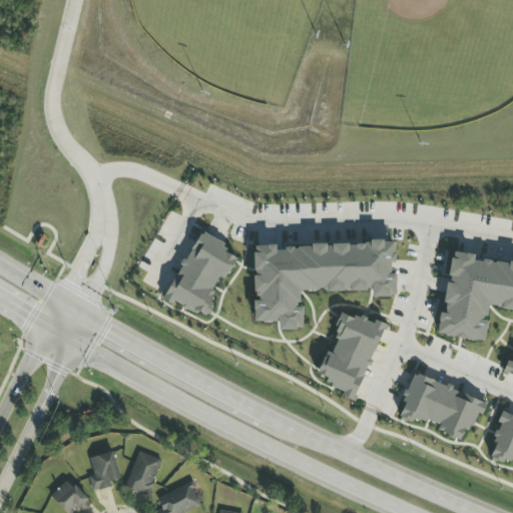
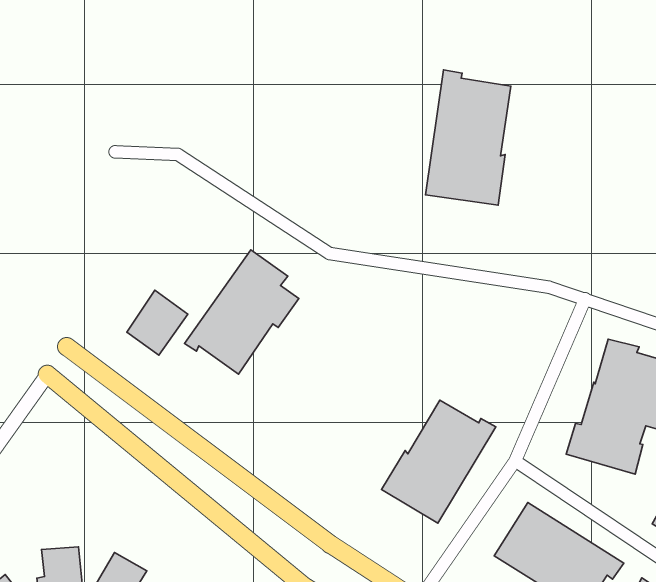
building: none -> [425,70,511,205]
building: [253,242,397,329] -> none
building: none -> [127,290,188,355]

